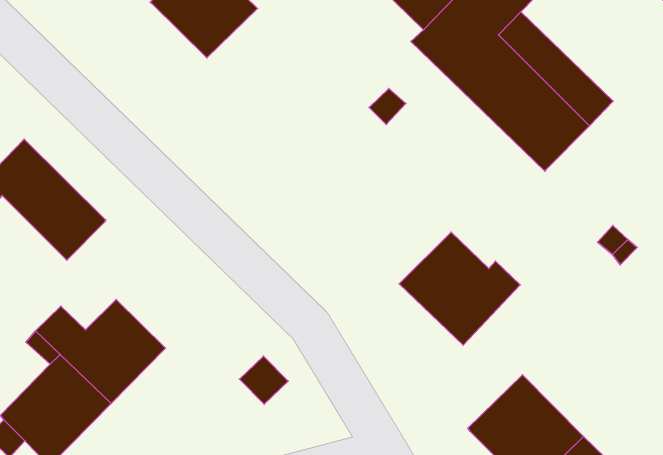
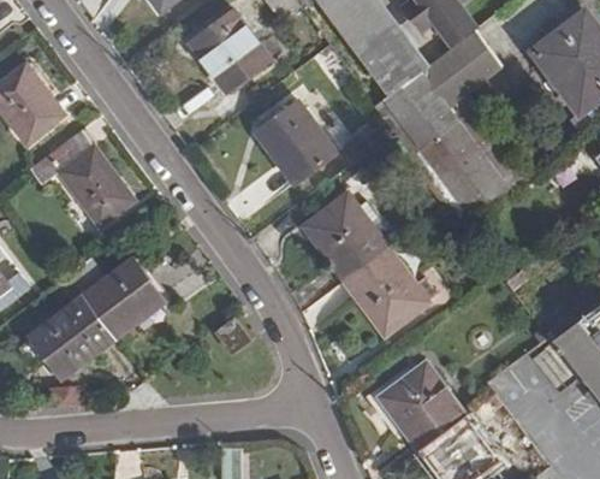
building: none -> [257,104,335,184]
building: none -> [303,195,388,282]

